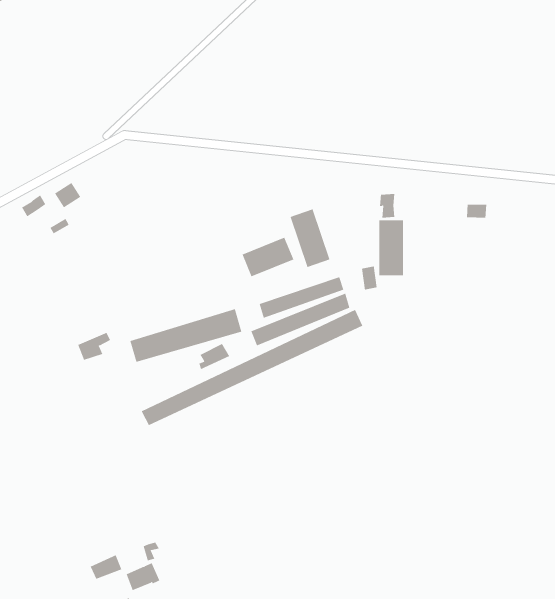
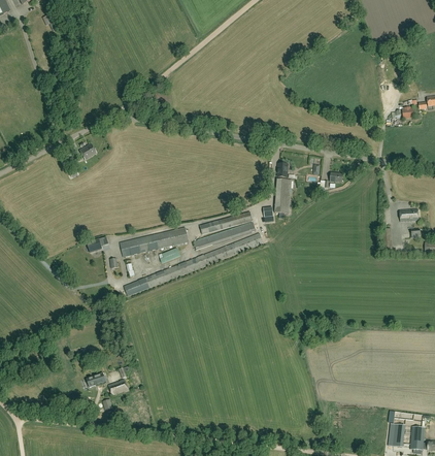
building: [290,209,330,268] -> none
building: [242,237,294,277] -> none

